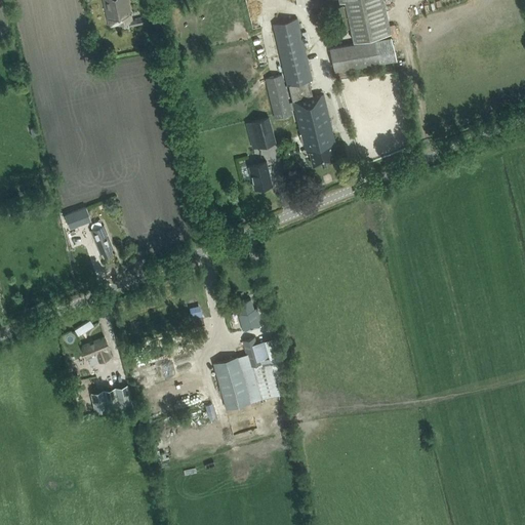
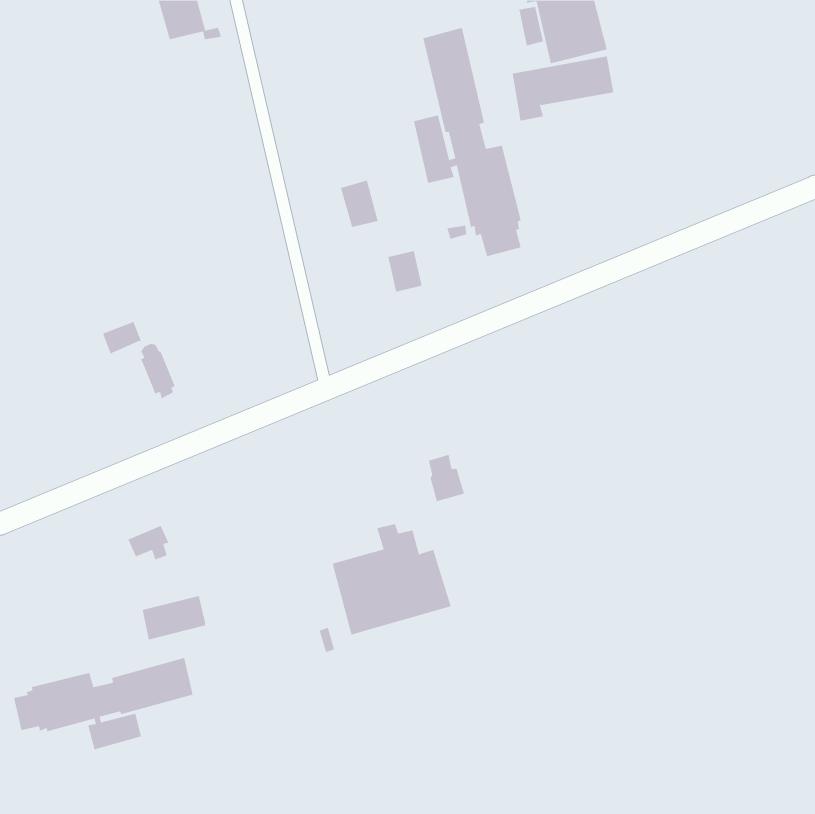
building: [251,116,276,147] -> [340,180,379,228]
building: [238,299,261,330] -> [428,454,465,502]
building: none -> [13,657,193,750]

